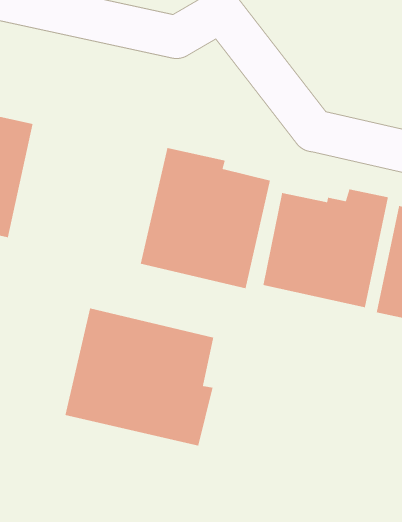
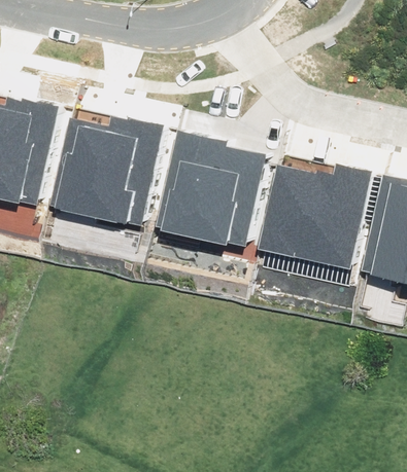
building: none -> [49,117,165,229]
building: [65,308,214,447] -> none

